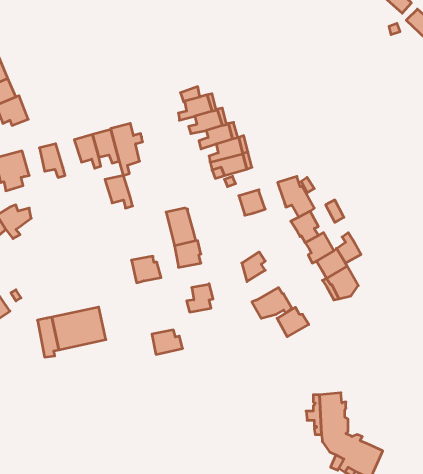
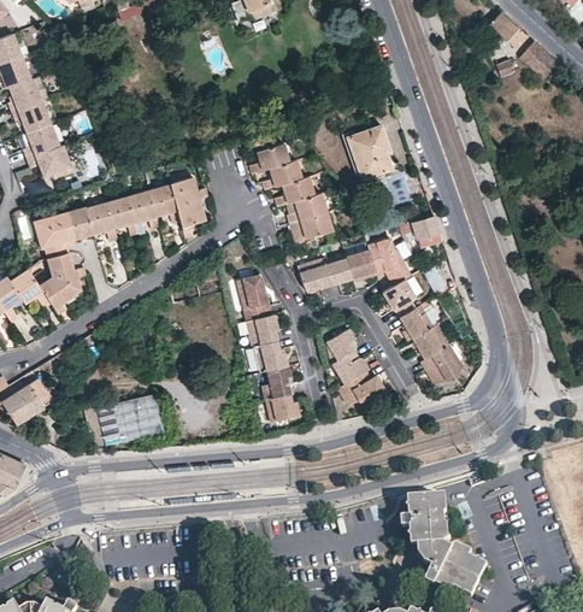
building: none -> [348,126,395,182]
building: none -> [67,205,94,239]
building: none -> [399,216,443,247]
building: [105,175,133,208] -> [107,196,140,235]
building: none -> [48,251,86,281]
building: none -> [347,251,377,278]
building: none -> [299,259,330,293]
building: [336,233,361,263] -> none
building: [131,256,161,283] -> [253,342,288,373]
building: [277,307,309,337] -> [332,351,370,386]
building: [152,330,183,354] -> [265,395,301,424]

